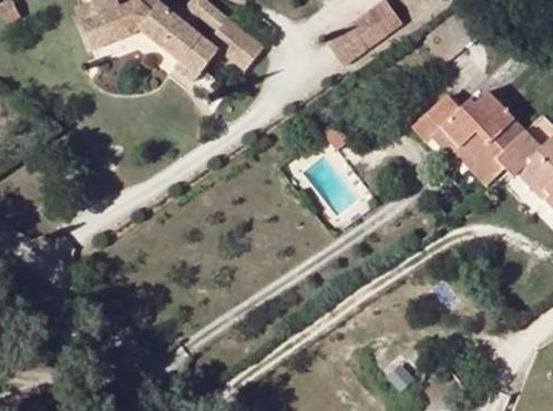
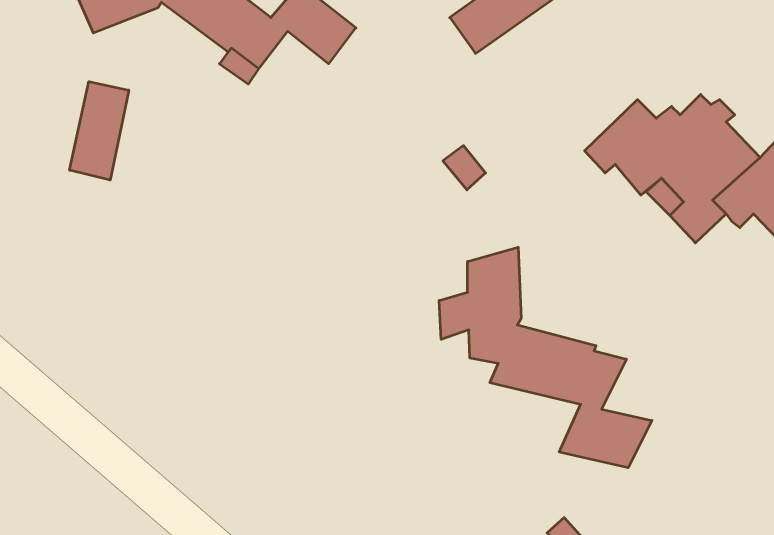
building: none -> [70,82,129,180]
building: none -> [439,247,652,468]

